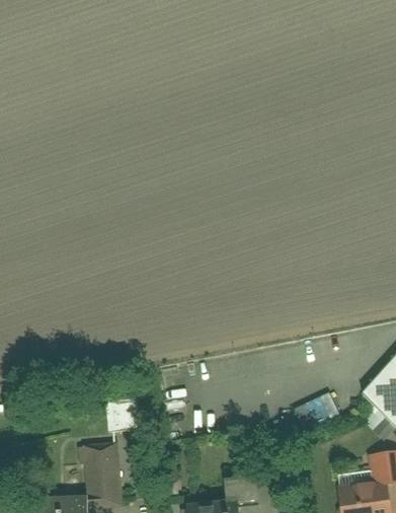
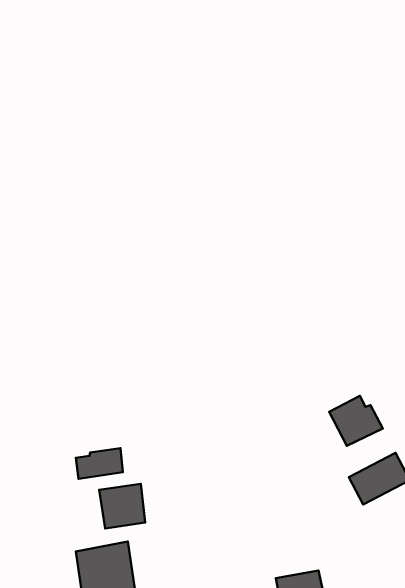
building: none -> [329,396,383,446]
building: none -> [76,448,123,479]

